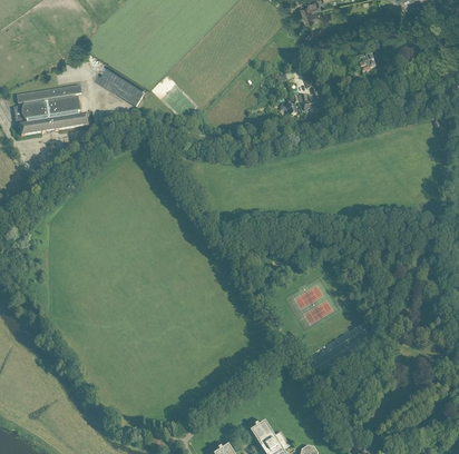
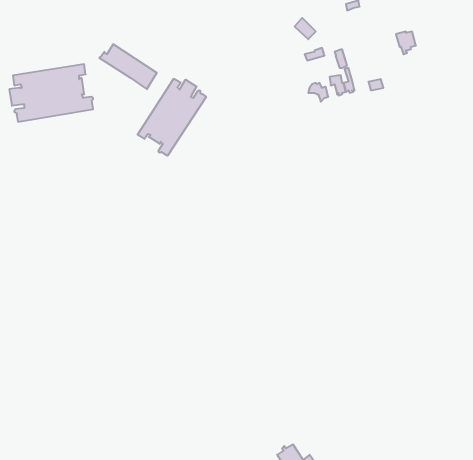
building: none -> [138,79,206,156]

